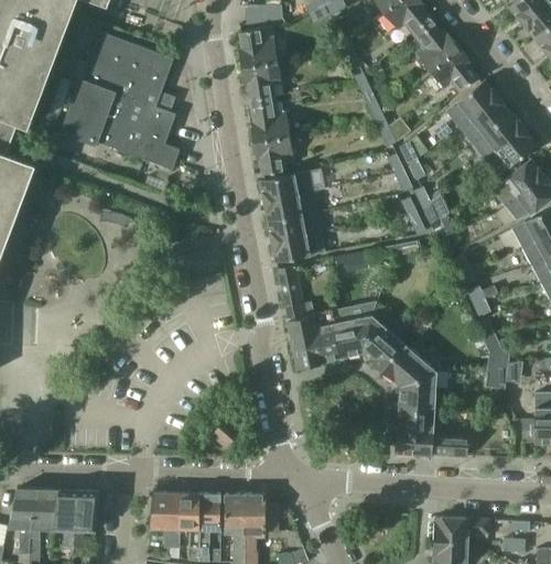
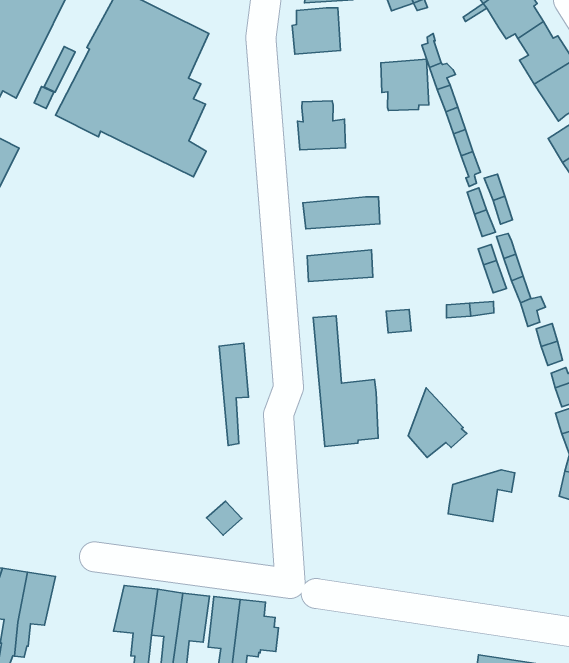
building: [242,59,283,102] -> [381,59,429,110]
building: [255,134,295,174] -> none
building: [266,191,325,221] -> none
building: [272,232,326,261] -> none
building: none -> [219,343,249,446]
building: [334,314,372,357] -> none
building: [379,346,437,387] -> none
building: [395,410,468,455] -> none

